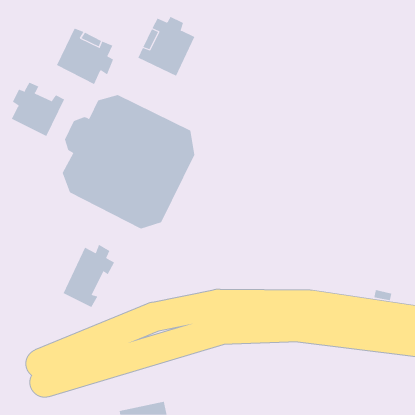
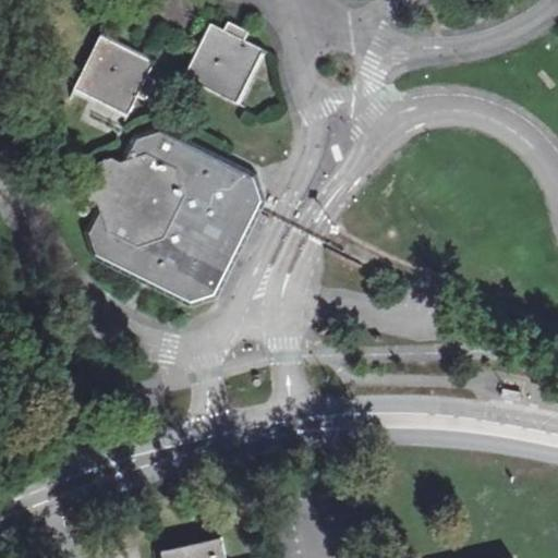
building: [11,82,65,137] -> none
building: [63,244,115,308] -> none

